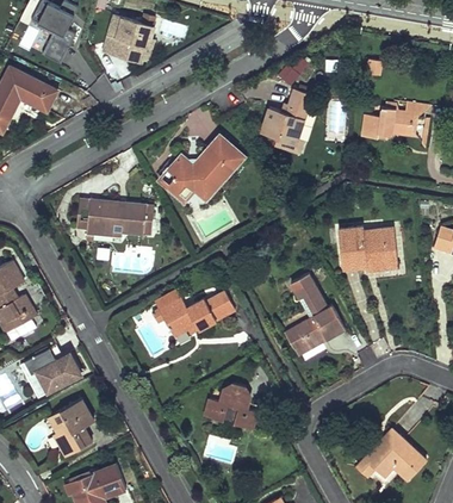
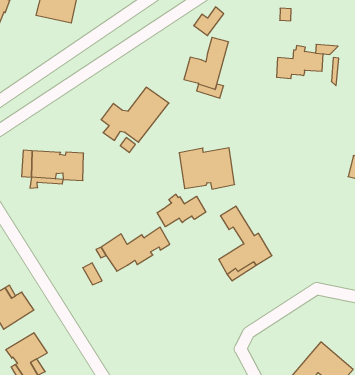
building: [339,226,397,272] -> [179,148,235,189]
building: none -> [157,194,206,227]
building: [204,383,257,429] -> none

